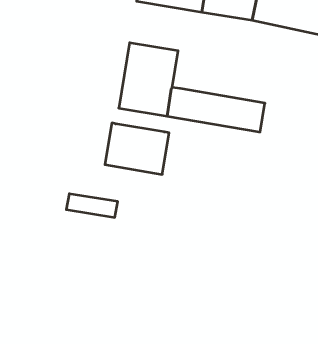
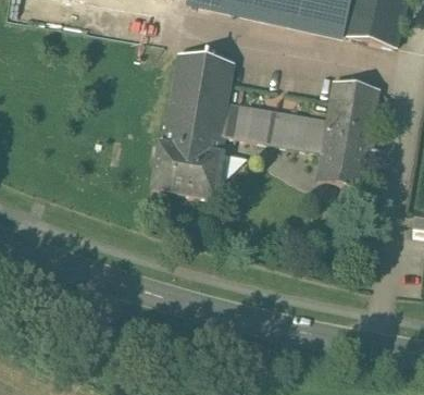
building: none -> [317,78,377,184]
building: [66,194,118,217] -> [164,124,221,150]

